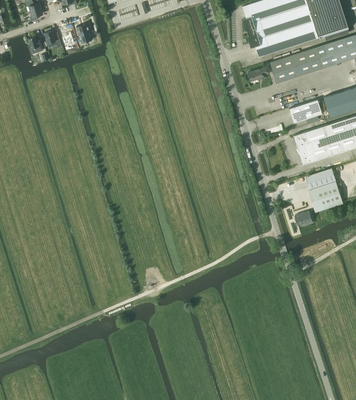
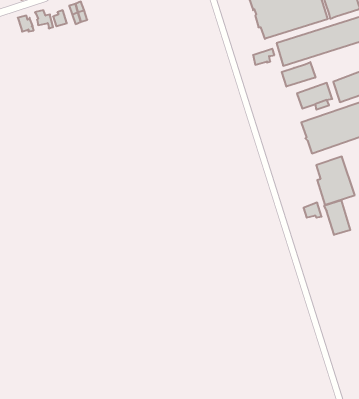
building: none -> [282,62,315,87]
building: none -> [324,200,350,235]

